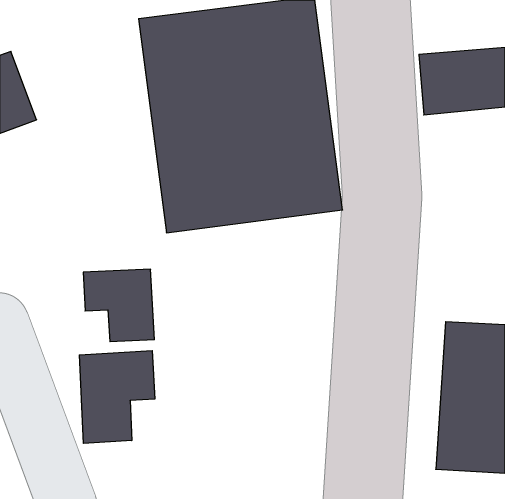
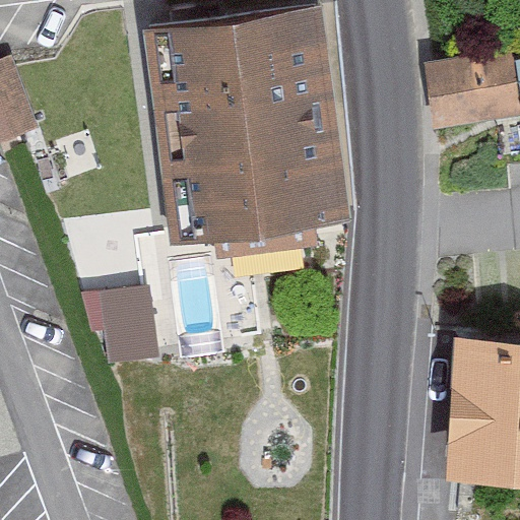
building: [79,351,155,443] -> none

